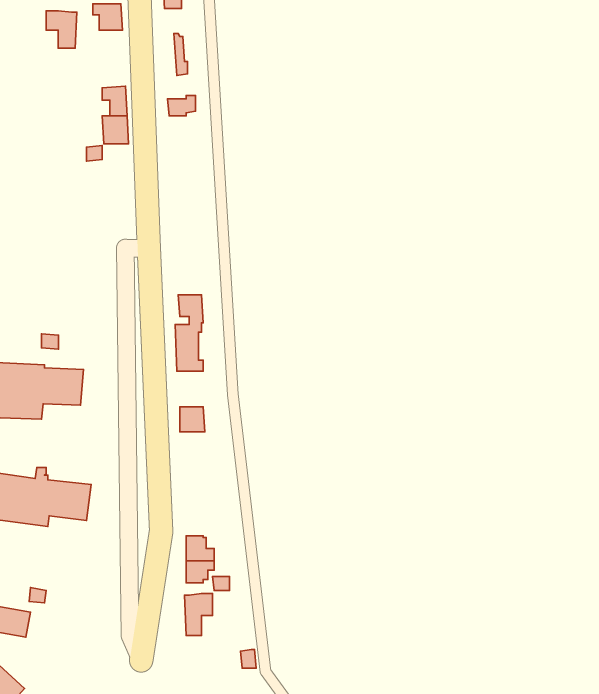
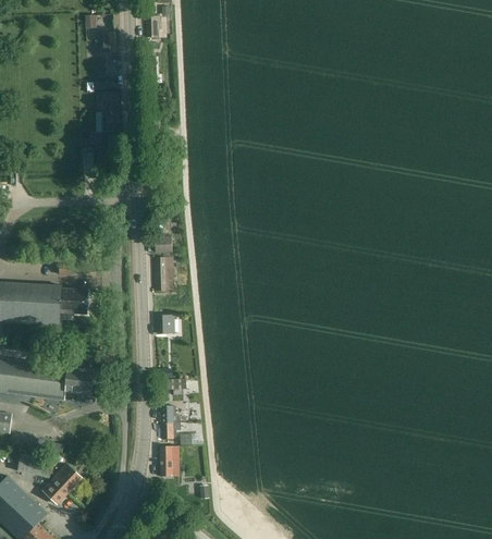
building: [46,11,77,48] -> none
building: none -> [42,464,82,504]

